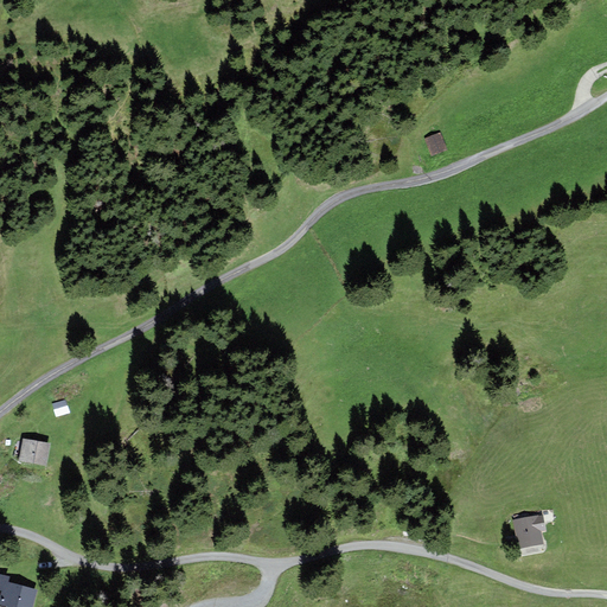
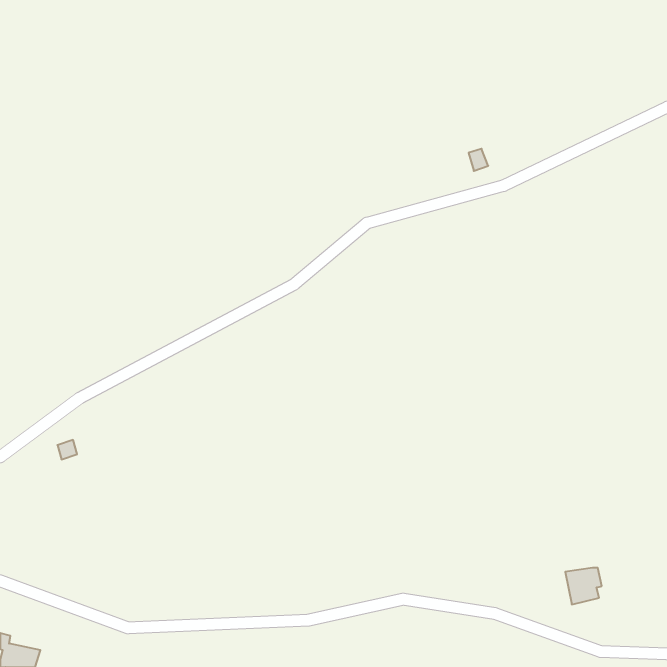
building: [18,439,50,466] -> none

